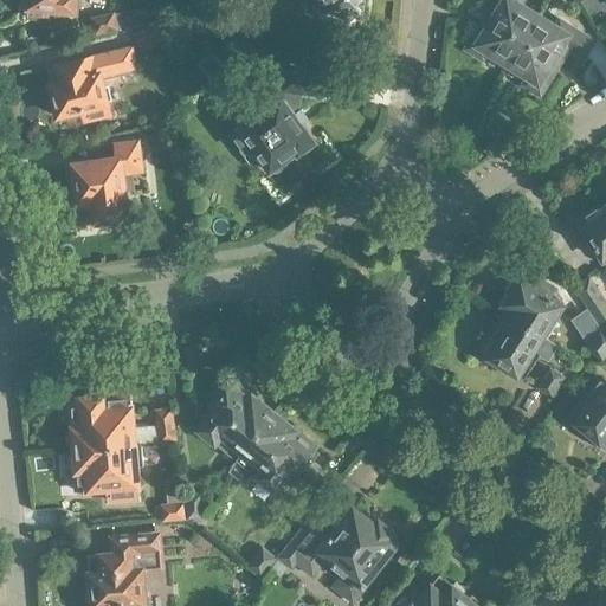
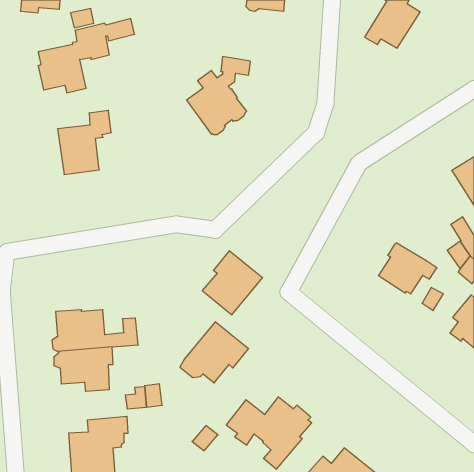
building: [507,18,593,95] -> none
building: [499,272,562,335] -> none
building: [198,379,275,460] -> [202,251,263,315]

